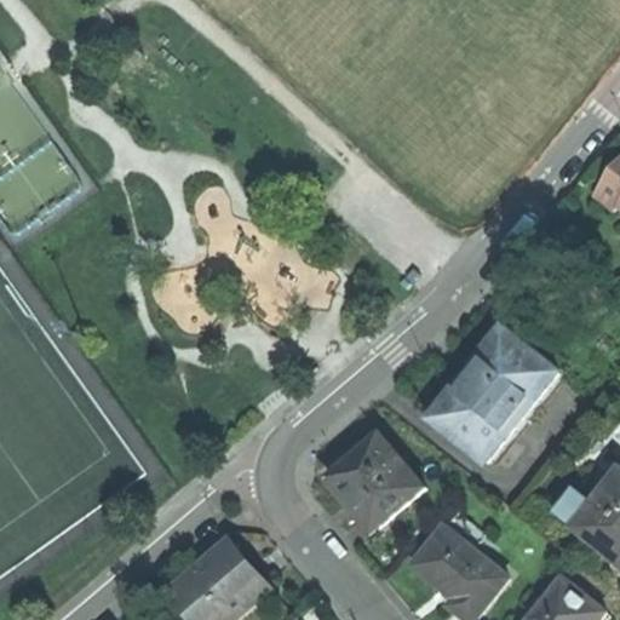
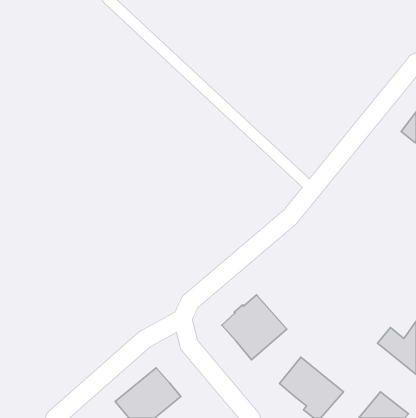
building: [432,331,556,461] -> none

